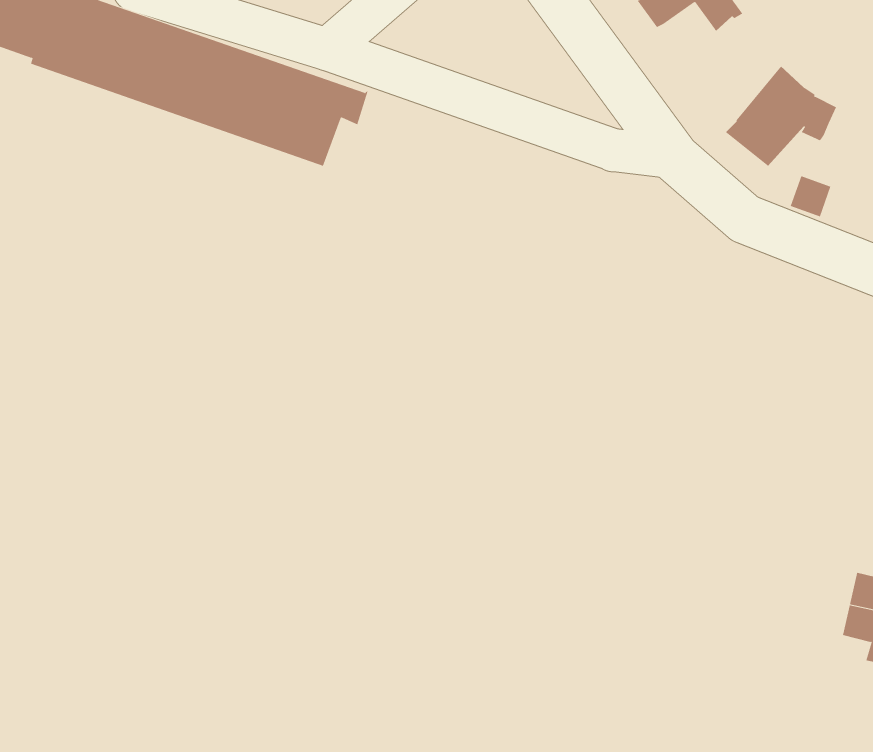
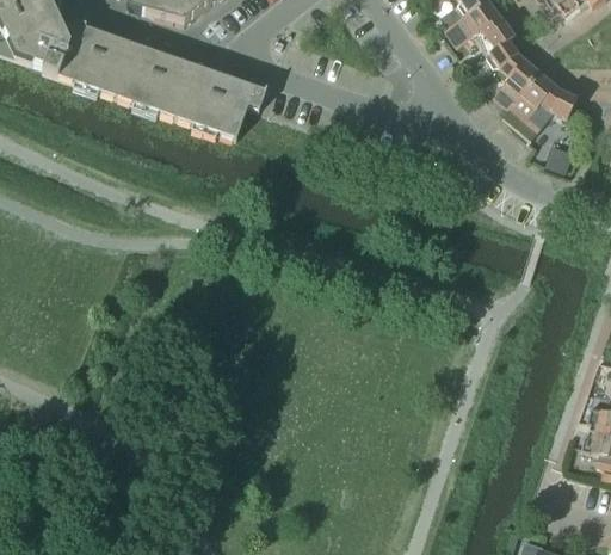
building: none -> [486,37,539,105]

